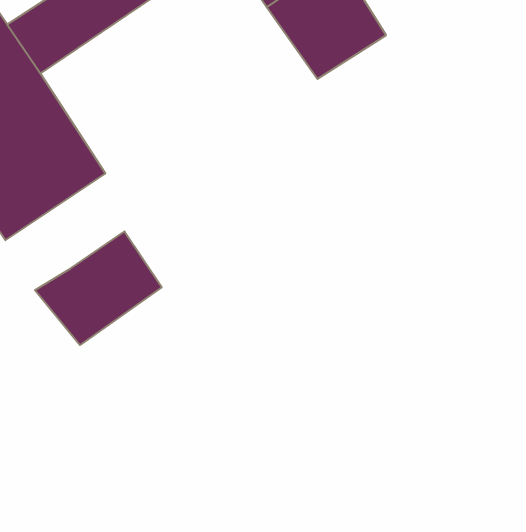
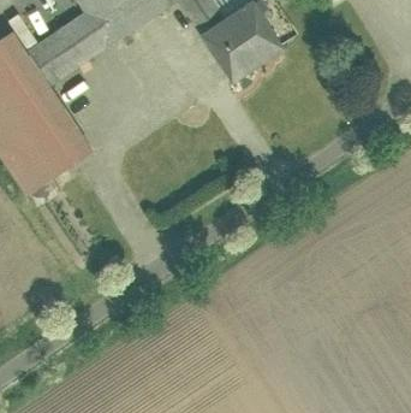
building: [35,231,162,345] -> none

